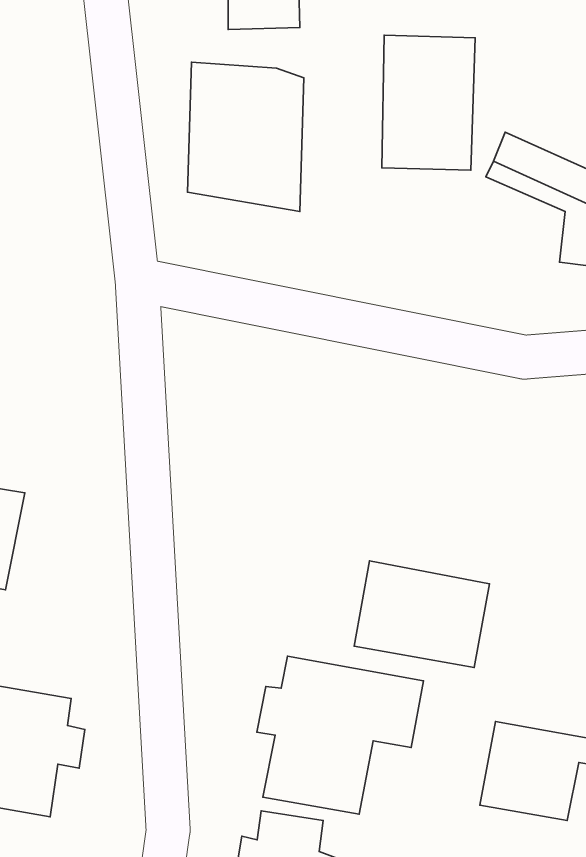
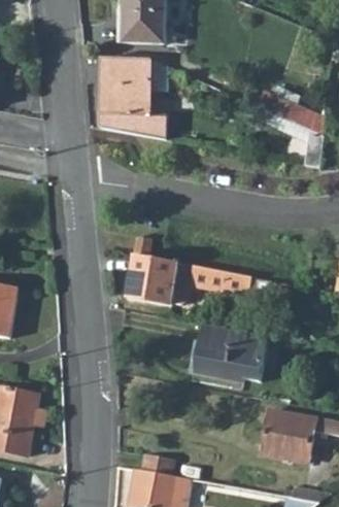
building: [382,35,475,170] -> none
building: none -> [124,234,249,304]
building: [257,656,423,814] -> none

